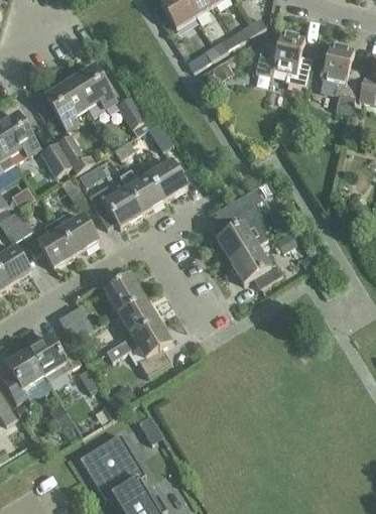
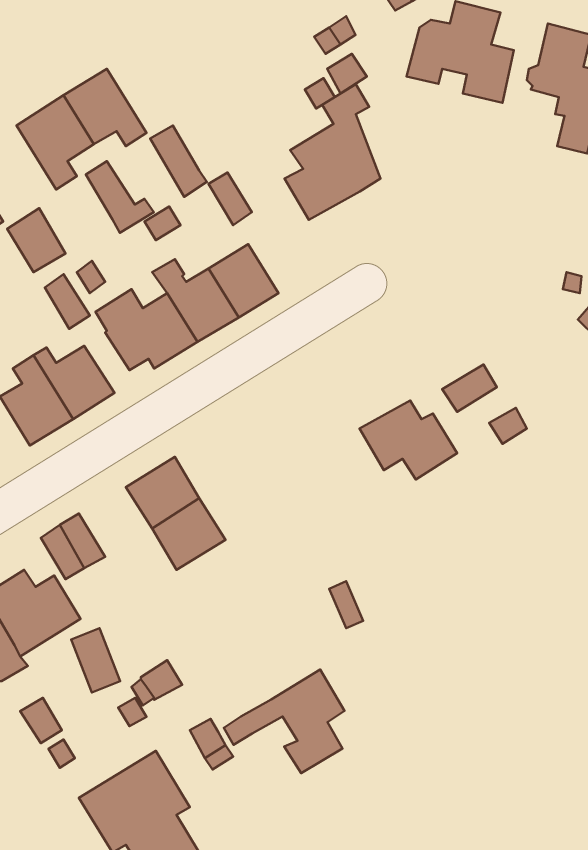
building: [57,134,94,172] -> [86,161,154,233]
building: [216,186,267,259] -> [284,84,380,220]
building: [106,318,170,374] -> [224,669,345,773]

